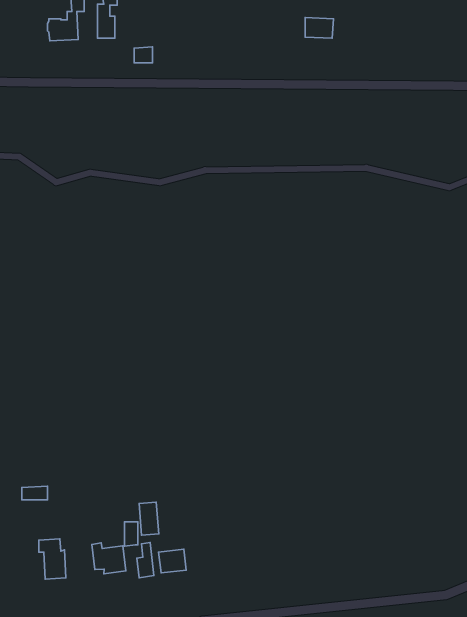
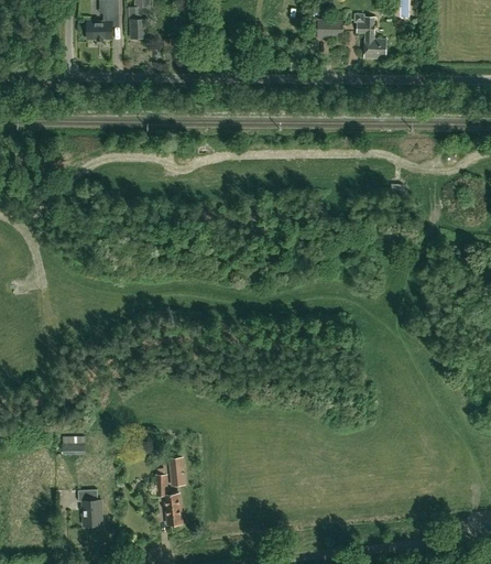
building: none -> [354,14,386,57]
building: [92,543,126,574] -> none
building: [159,549,186,573] -> none

